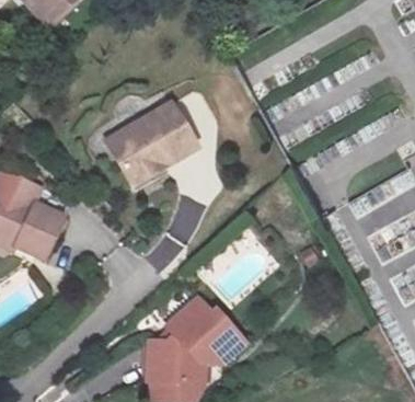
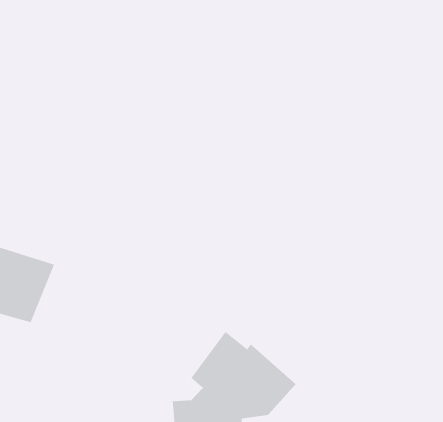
building: [106,104,198,173] -> none

